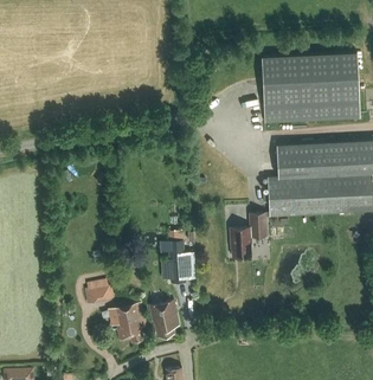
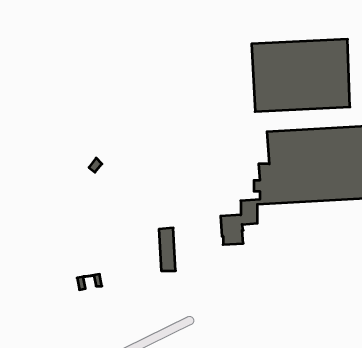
building: [149,301,180,337] -> none
building: [108,302,147,343] -> none

